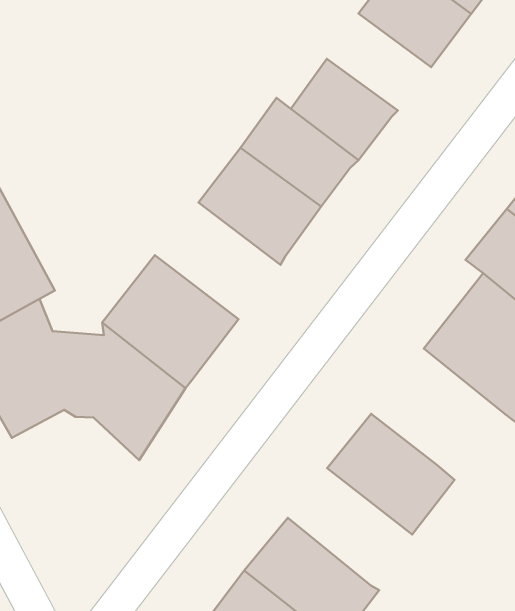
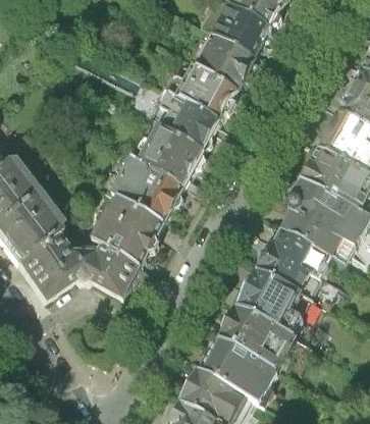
building: none -> [202,34,262,86]
building: none -> [116,153,193,218]
building: none -> [257,219,333,284]
building: none -> [218,296,290,359]

